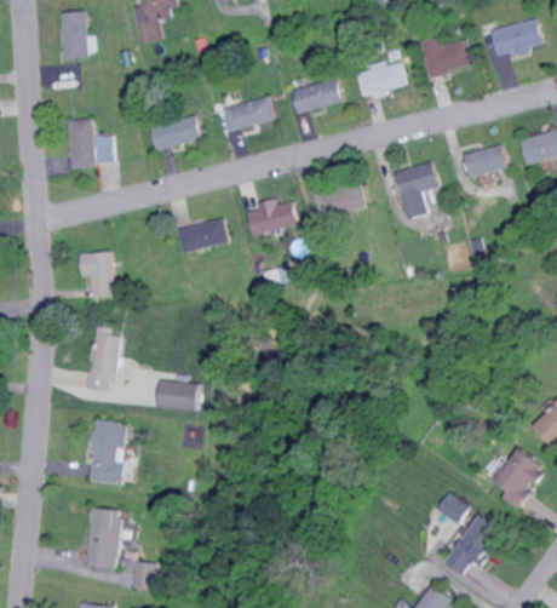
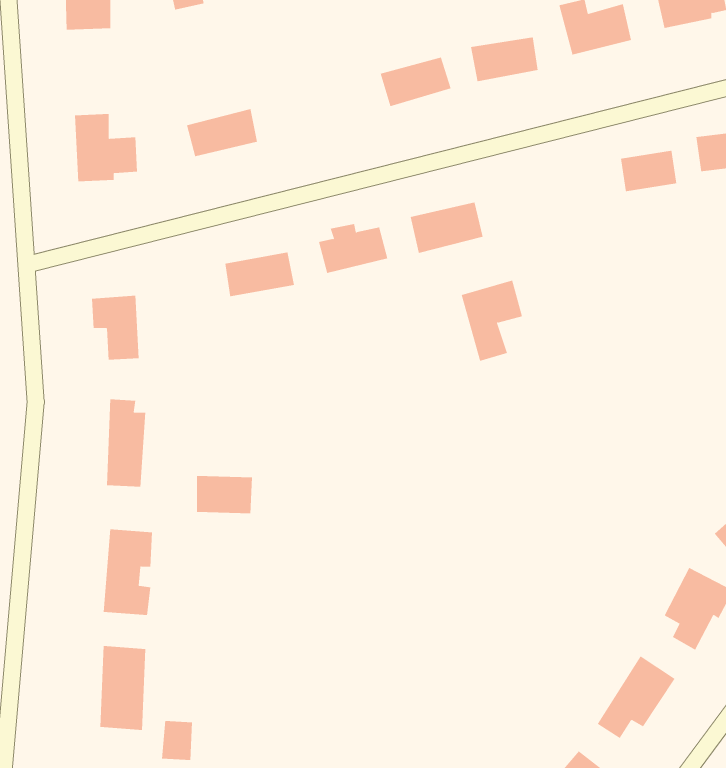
building: [220,94,274,132] -> none
building: [394,160,438,219] -> [461,280,523,361]
building: [435,492,467,523] -> none

